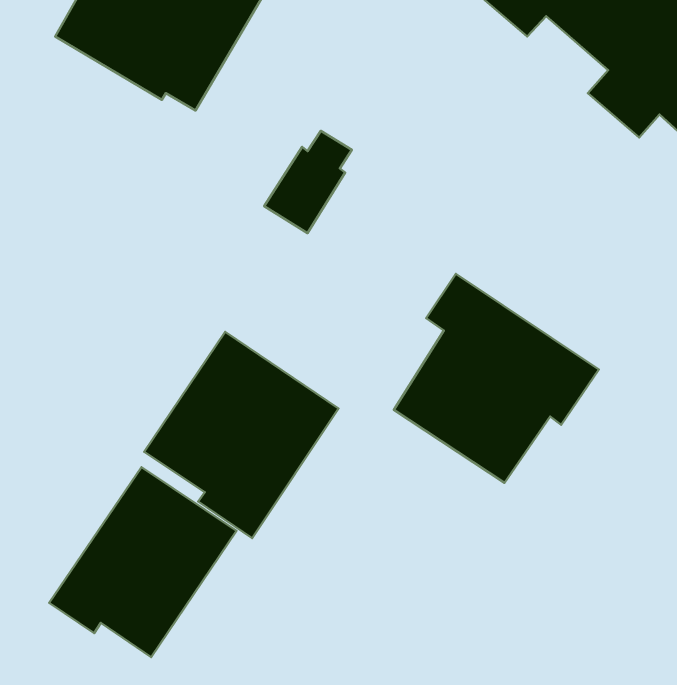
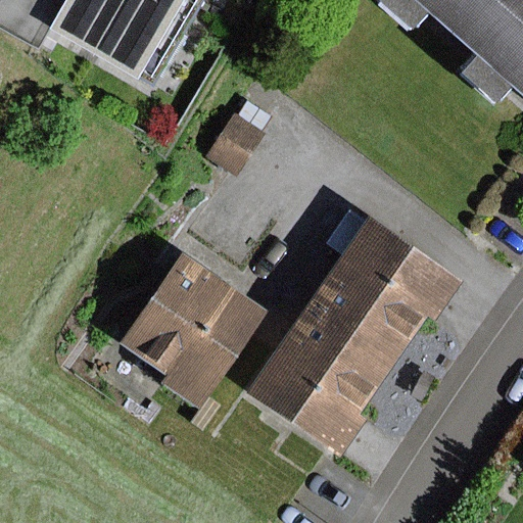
building: none -> [256,311,391,447]
building: [49,467,236,657] -> none

